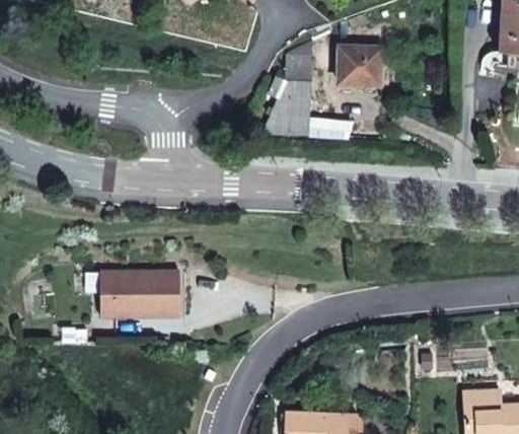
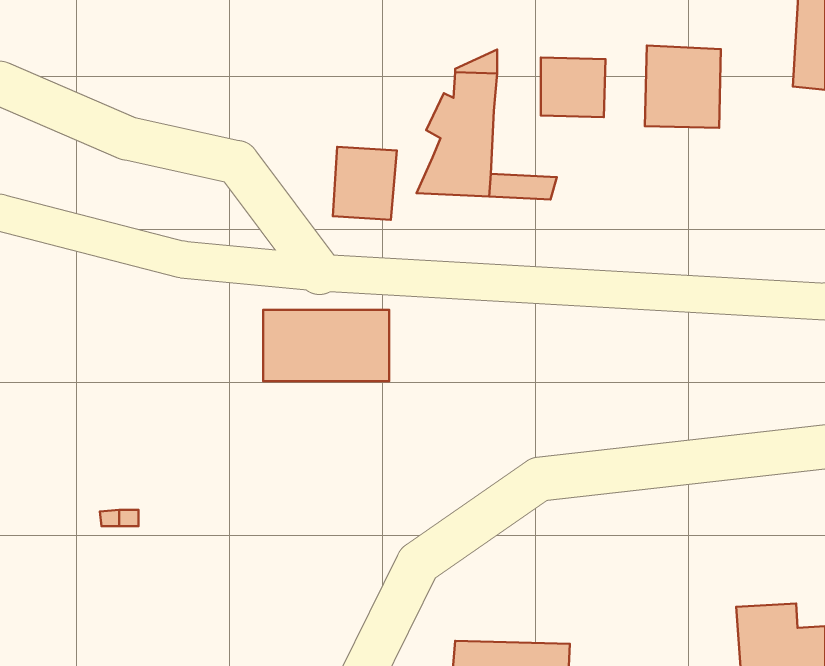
building: none -> [645,45,721,128]
building: none -> [333,147,397,220]
building: [100,271,179,315] -> [263,310,389,381]

